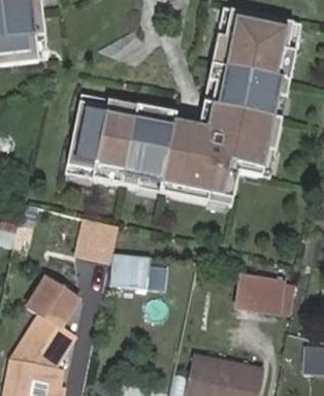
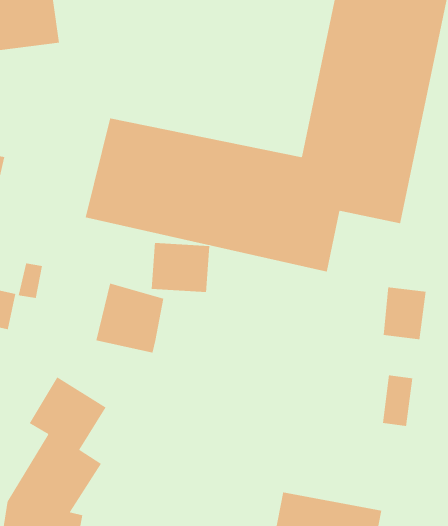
building: [109,253,149,286] -> [151,243,210,292]
building: [236,272,265,307] -> [383,287,426,340]

